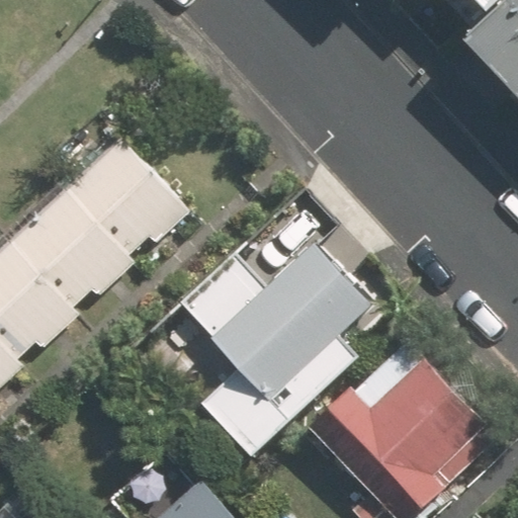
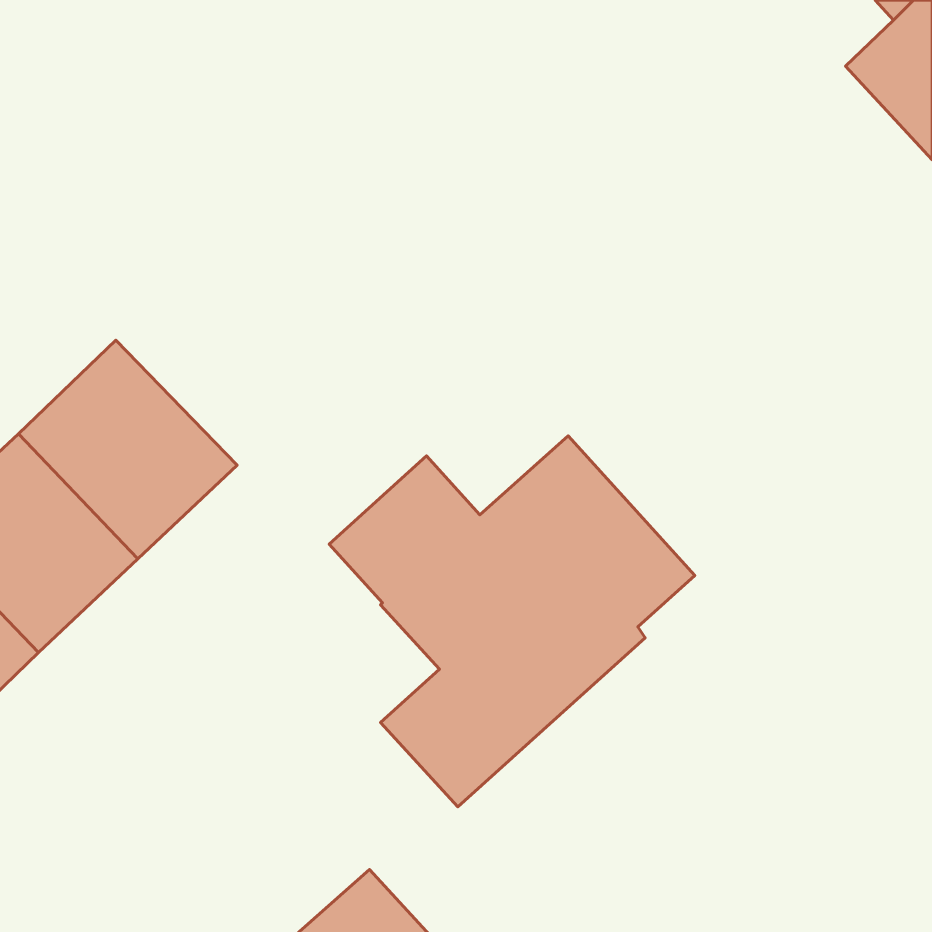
building: [64,139,184,260] -> none
building: [333,346,495,509] -> none

